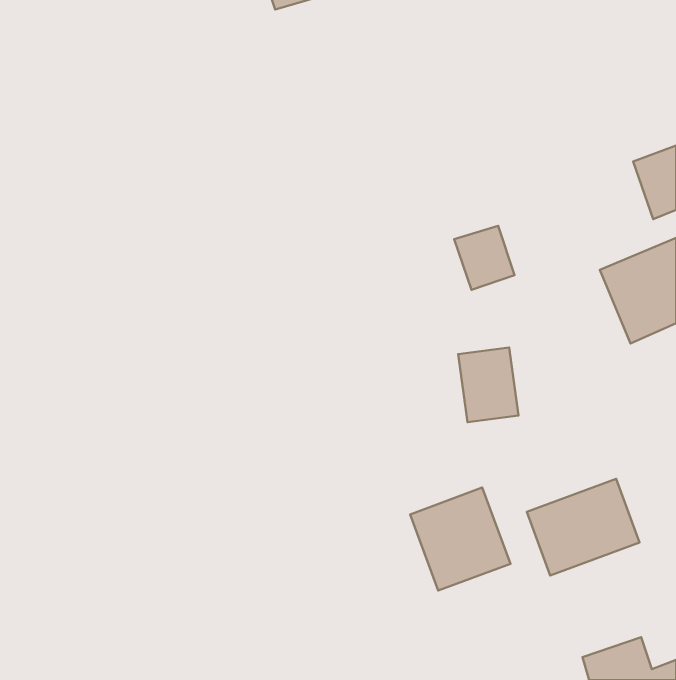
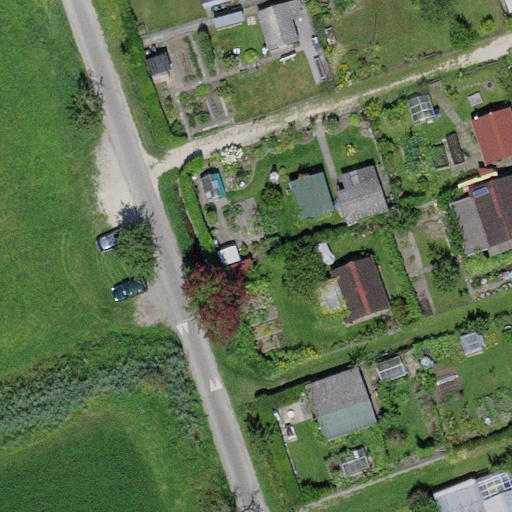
building: [527,479,640,576] -> none

